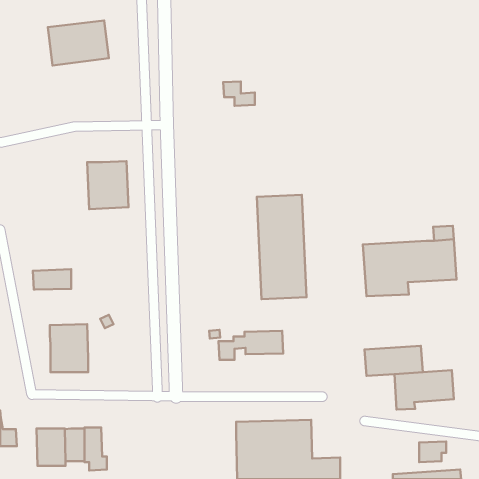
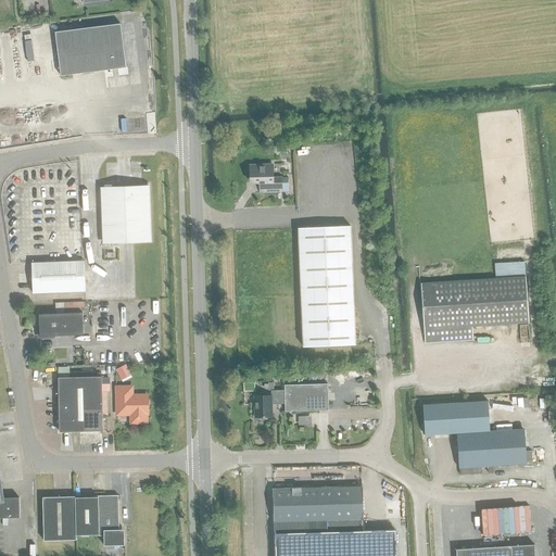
building: [223,81,255,106] -> [251,164,288,192]
building: none -> [31,261,85,293]
building: none -> [116,387,147,422]

